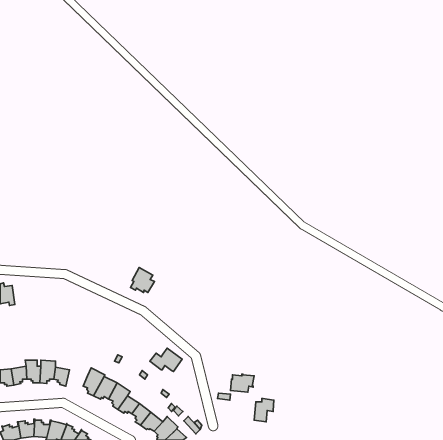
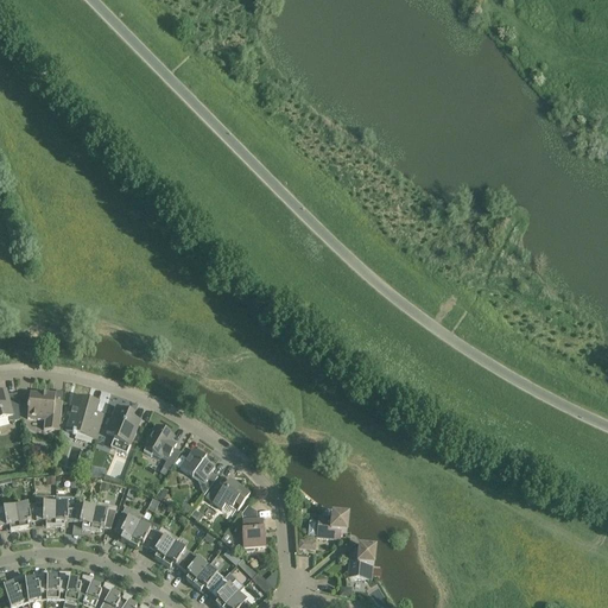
building: [130,267,155,293] -> [144,422,177,456]
building: none -> [27,388,62,428]
building: none -> [66,392,103,436]
building: none -> [106,405,139,450]
building: none -> [179,446,217,493]
building: none -> [90,499,116,531]
building: none -> [241,517,265,549]

